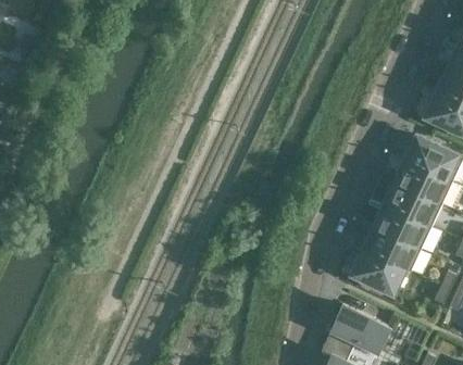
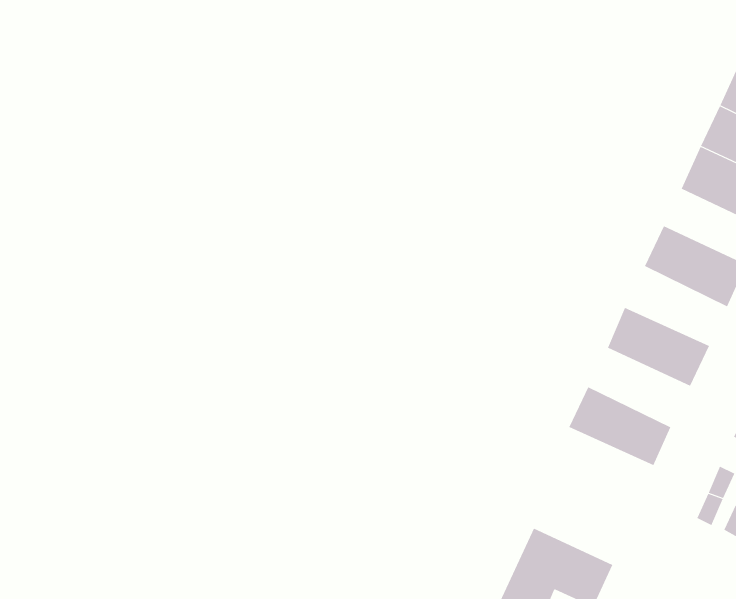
building: [393,159,451,203] -> none
building: [373,204,430,249] -> none
building: [351,249,410,291] -> none

